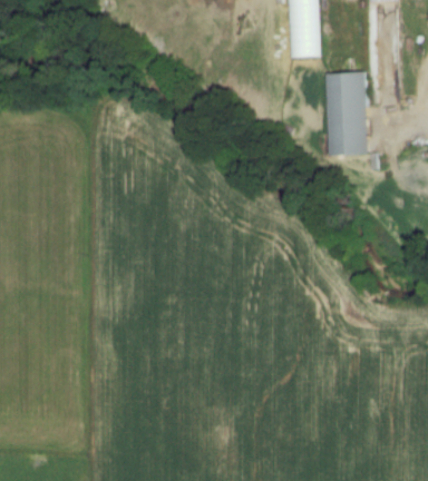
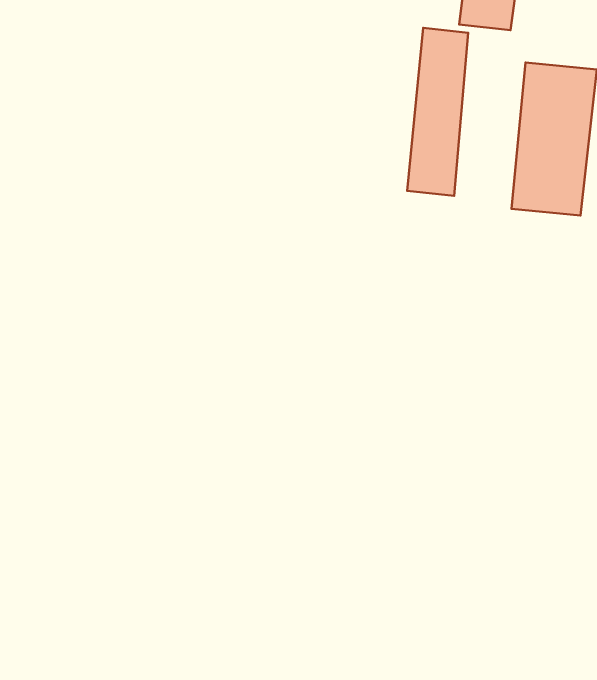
building: none -> [407,28,468,196]

